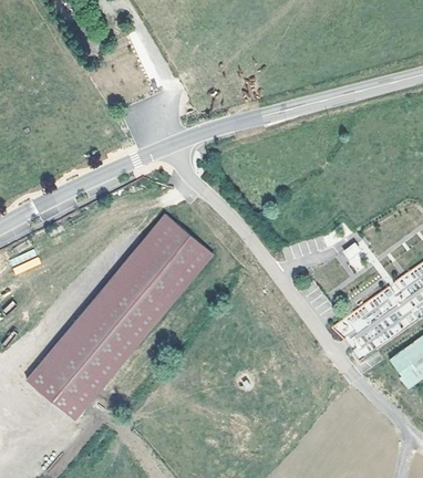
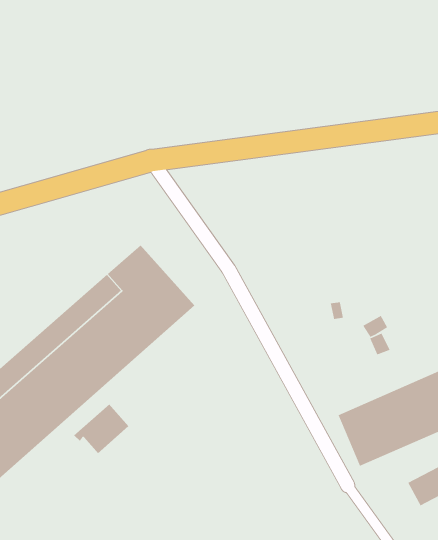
building: none -> [73,403,129,454]

